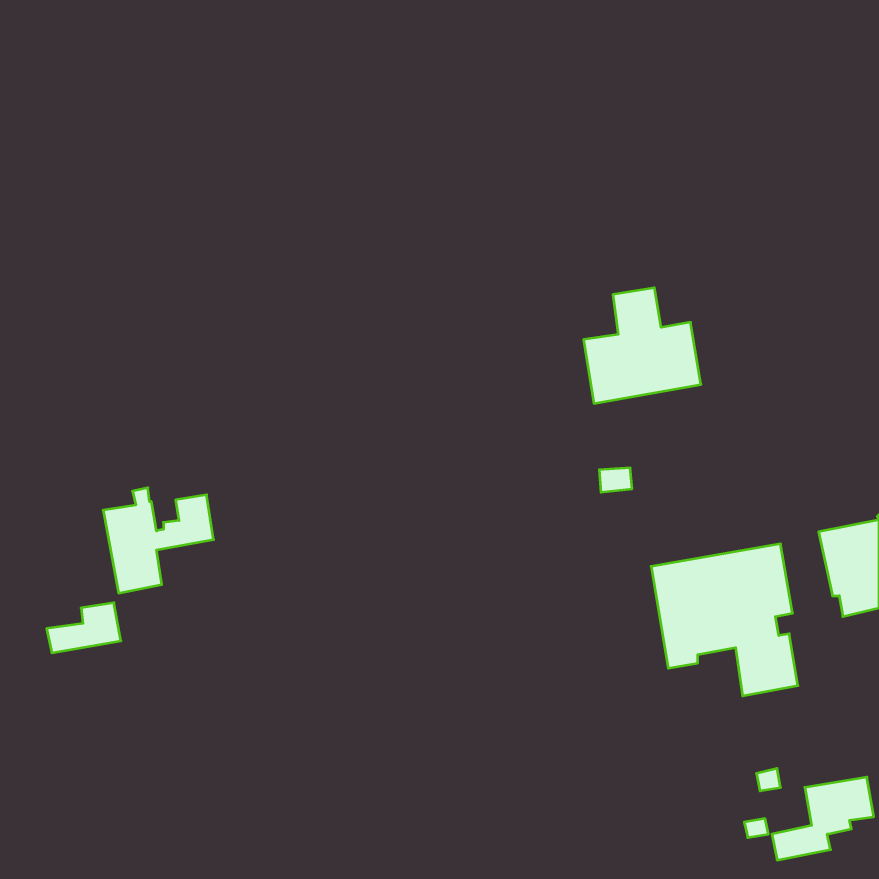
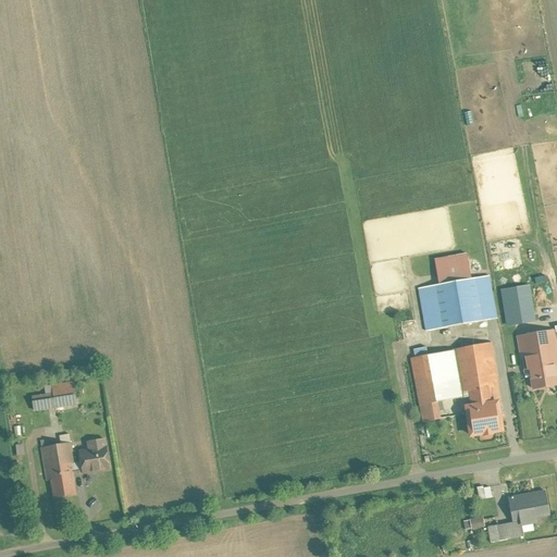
building: [584,288,701,403] -> [420,253,494,326]
building: none -> [504,284,535,326]
building: [103,488,214,593] -> [40,433,110,499]

